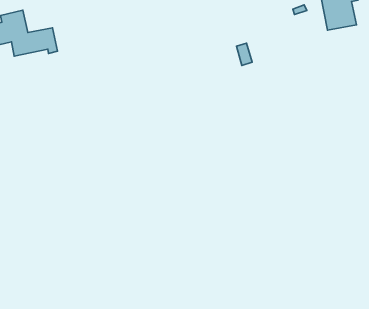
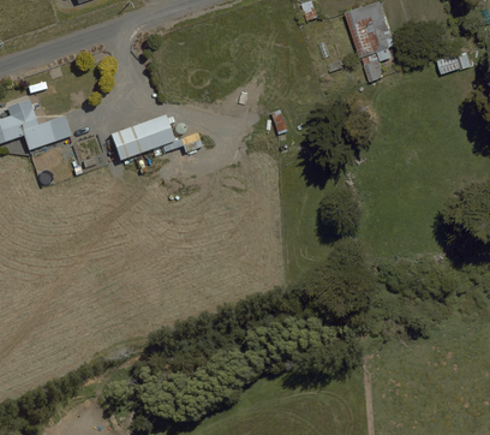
building: none -> [108,114,174,161]

